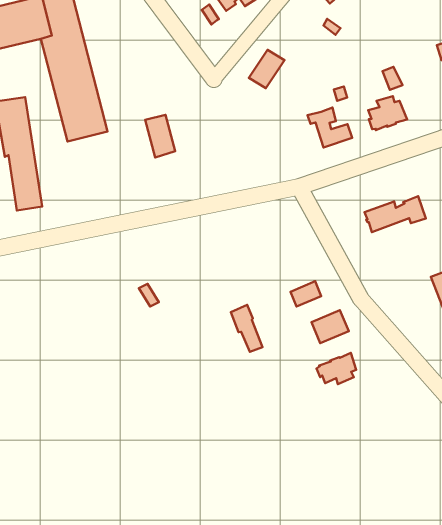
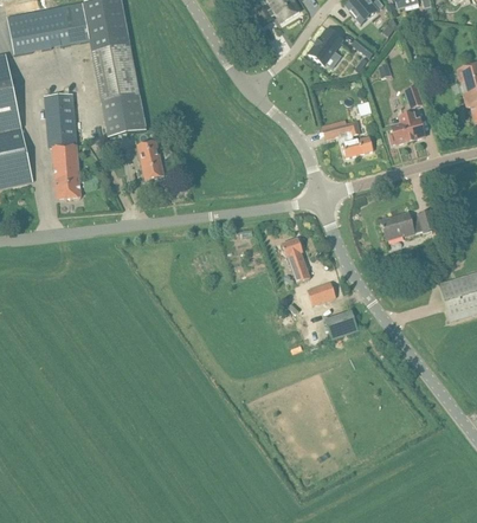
building: [249,50,285,88] -> [308,28,342,64]
building: [145,115,175,157] -> [137,141,163,180]
building: [231,305,262,352] -> [282,238,309,282]
building: [317,353,356,384] -> none

